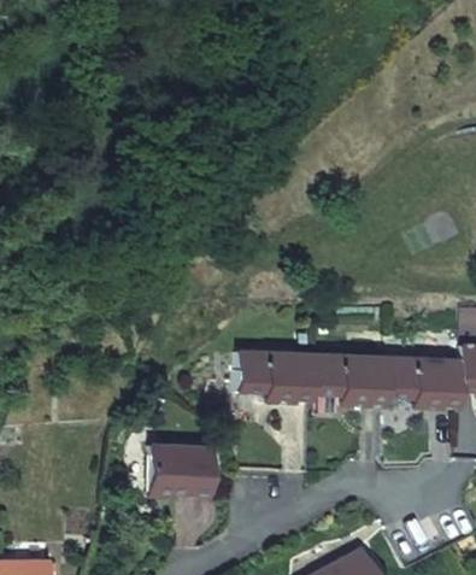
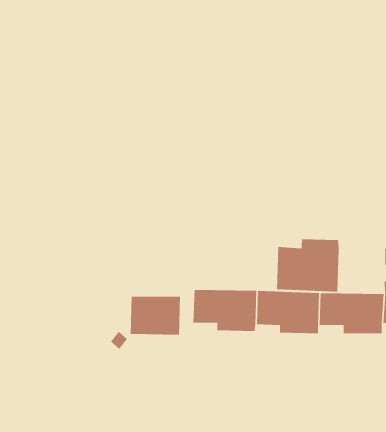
building: none -> [276,238,340,293]
building: [151,448,210,494] -> [130,296,181,335]

